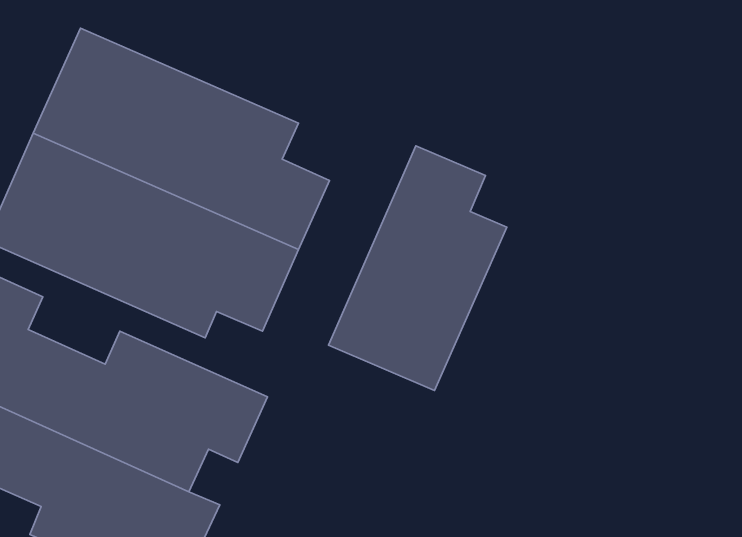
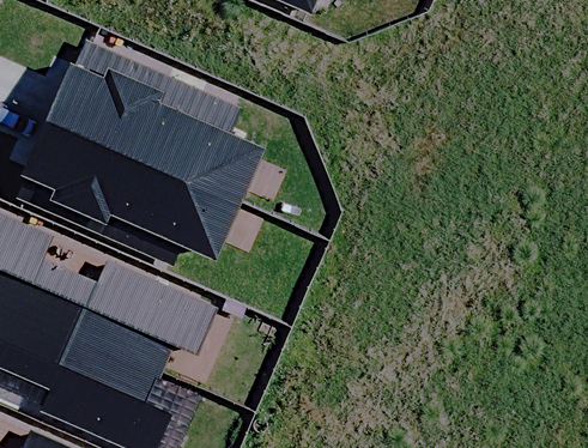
building: [329,146,507,391] -> none

